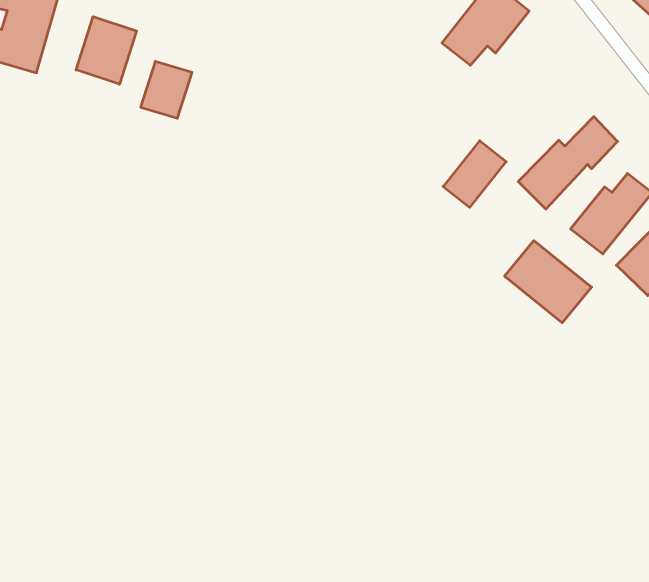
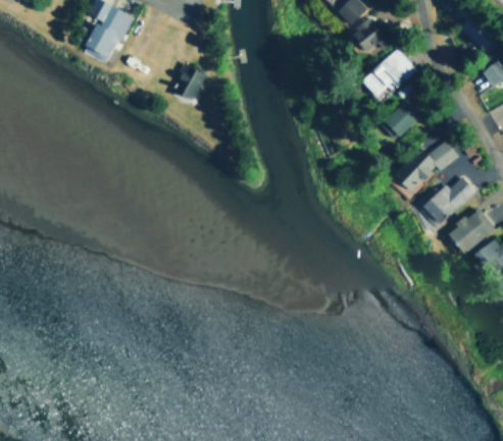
building: [76,17,137,84] -> none
building: [443,141,506,207] -> [383,100,423,140]
building: [505,241,592,323] -> none

